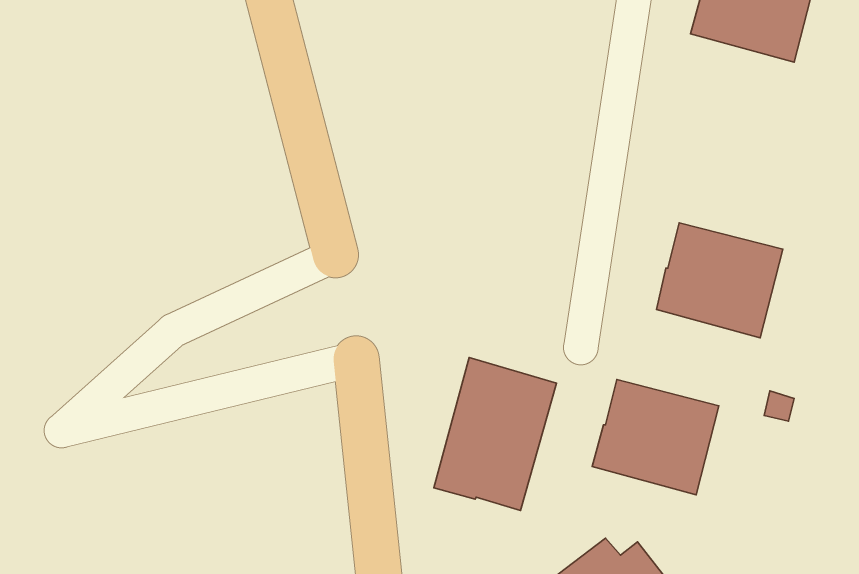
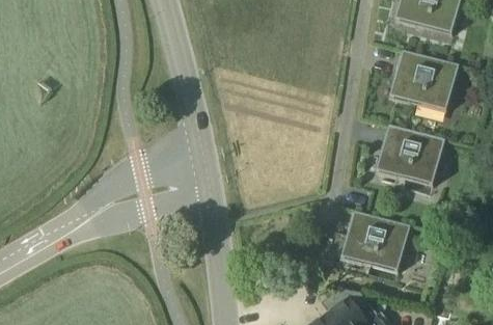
building: none -> [388,49,458,112]
building: [434,358,557,510] -> none

